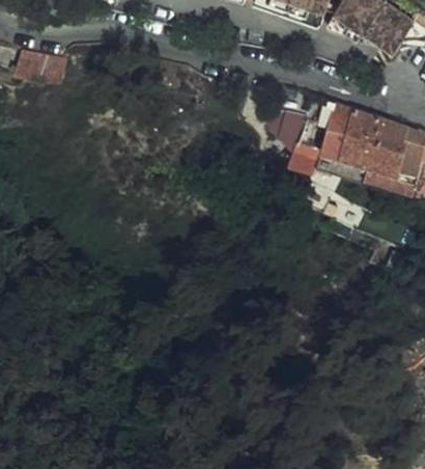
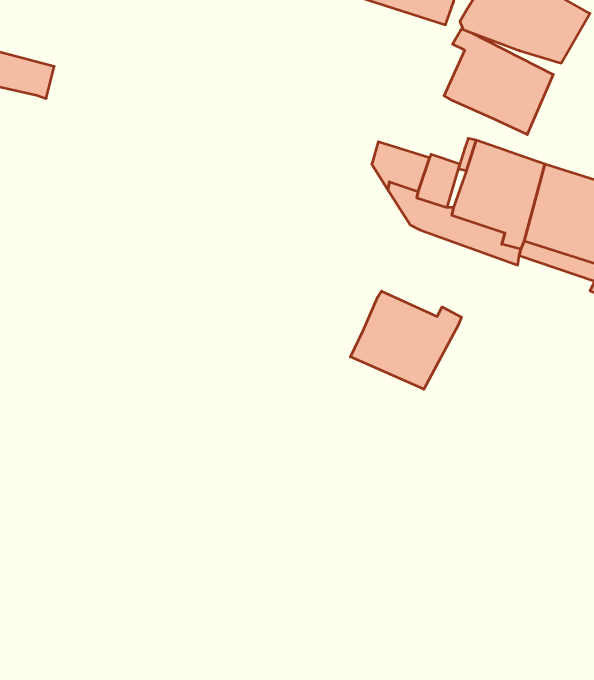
building: none -> [444,29,553,135]
building: none -> [350,291,461,389]

